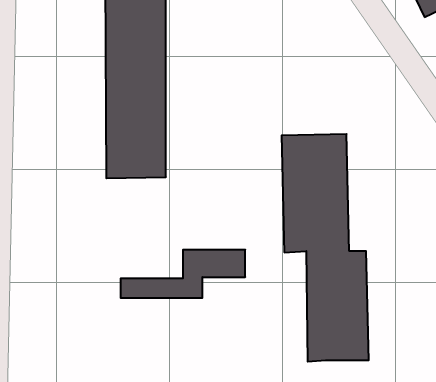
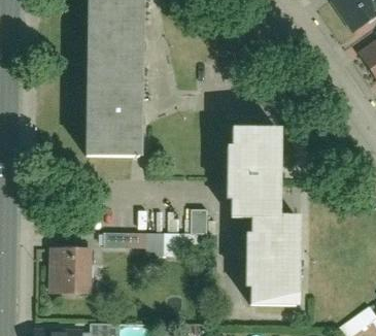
building: none -> [53,249,88,299]

